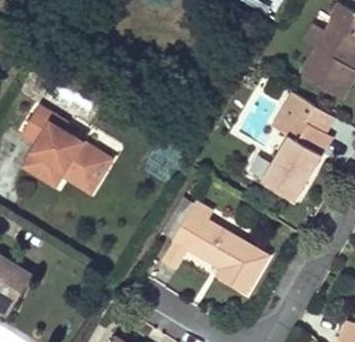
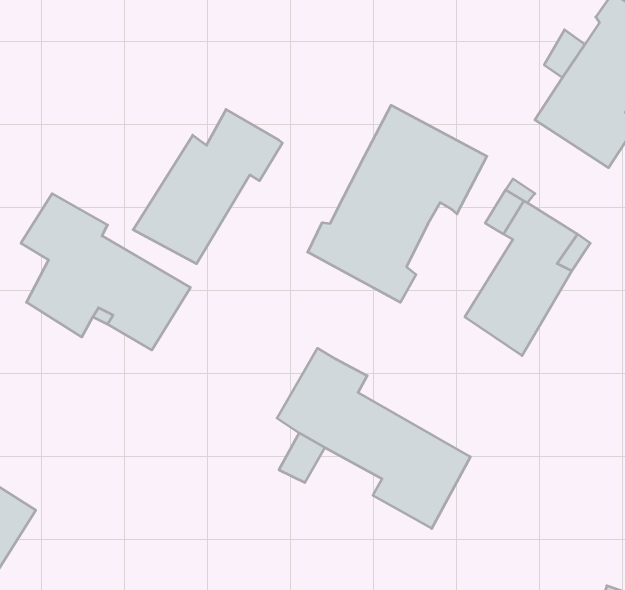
building: none -> [308,105,487,302]
building: none -> [133,109,282,264]

